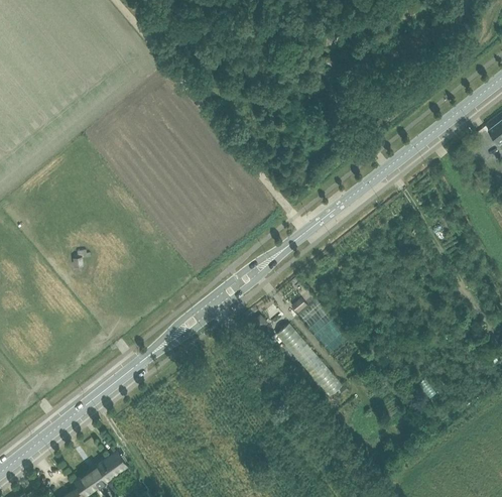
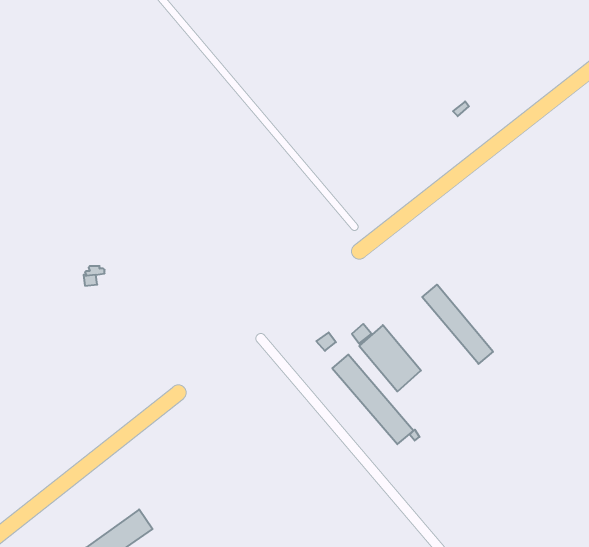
building: none -> [422,285,493,364]

